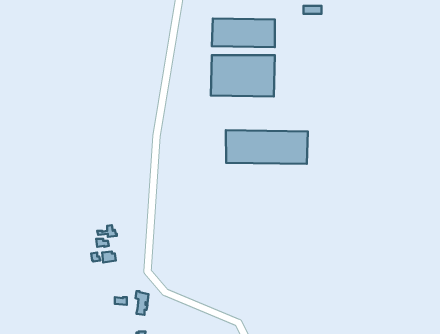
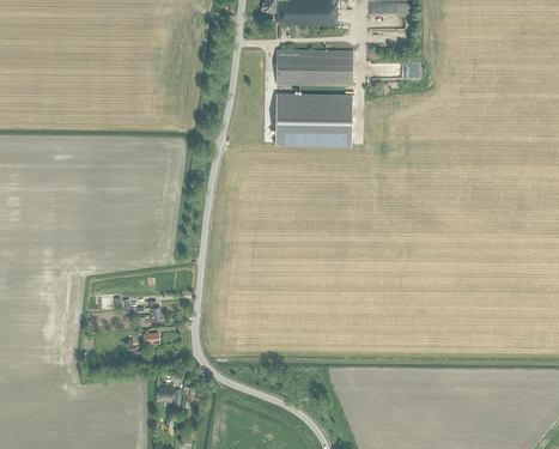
building: [226,130,308,164] -> none

